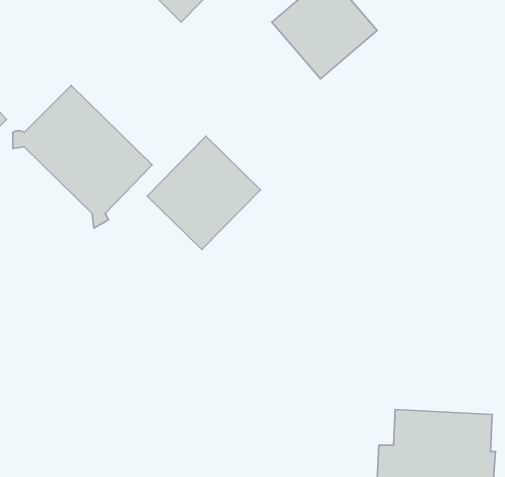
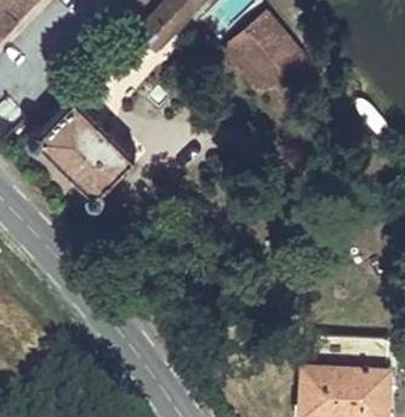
building: [147,136,260,250] -> none

